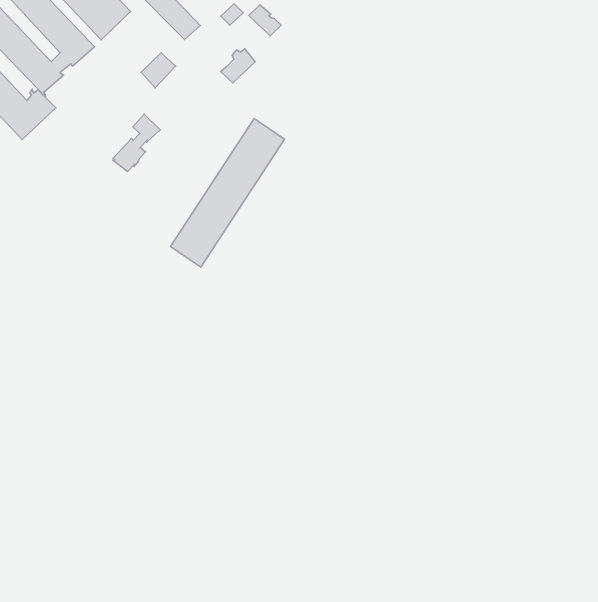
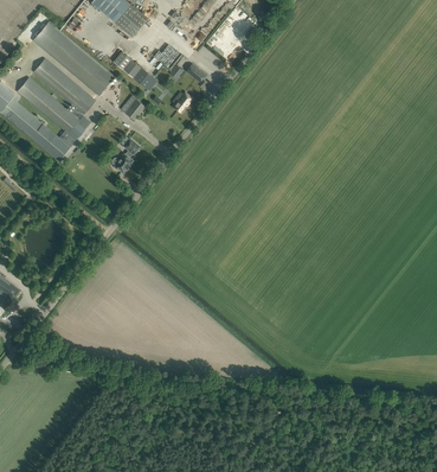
building: [171,119,285,267] -> none

